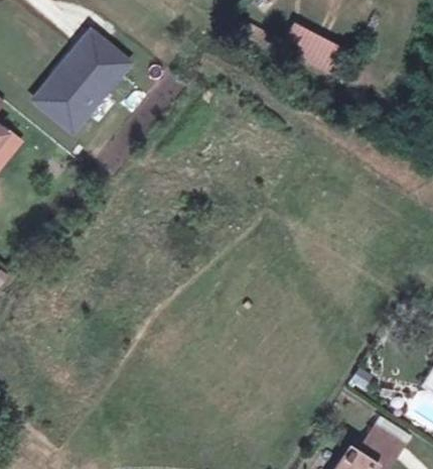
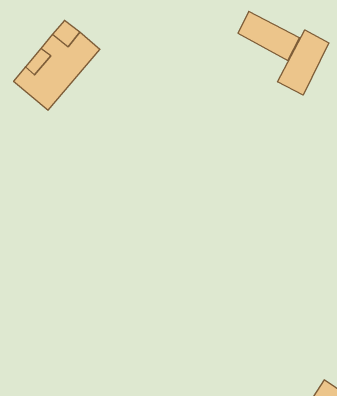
building: none -> [278,30,329,95]

